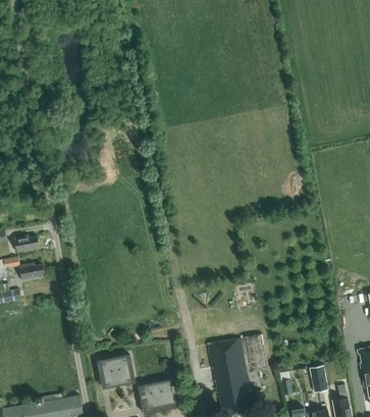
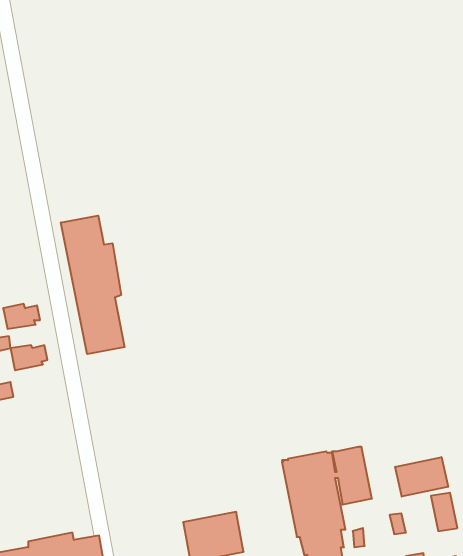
building: none -> [61,216,125,354]
building: none -> [395,457,448,497]
building: [98,354,136,387] -> none

